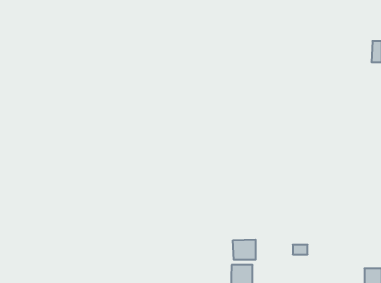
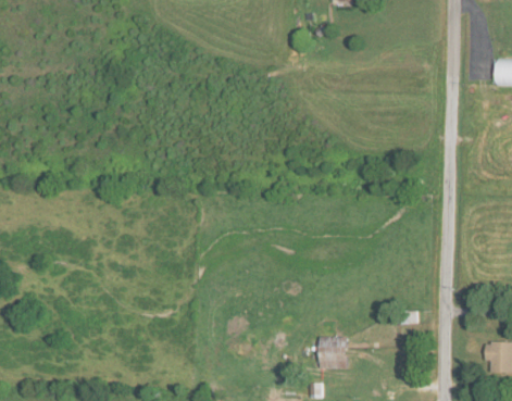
building: [233,240,256,260] -> none

